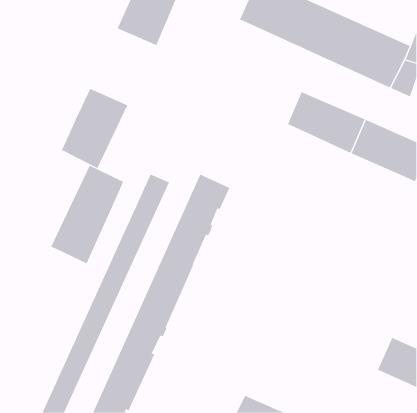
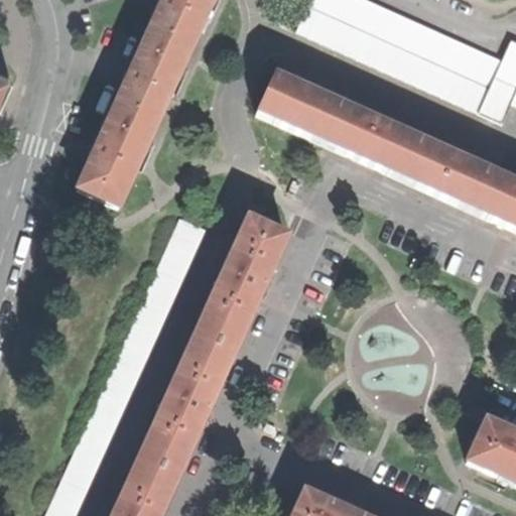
building: none -> [111,35,194,130]
building: none -> [256,70,372,153]
building: [51,165,124,264] -> none

